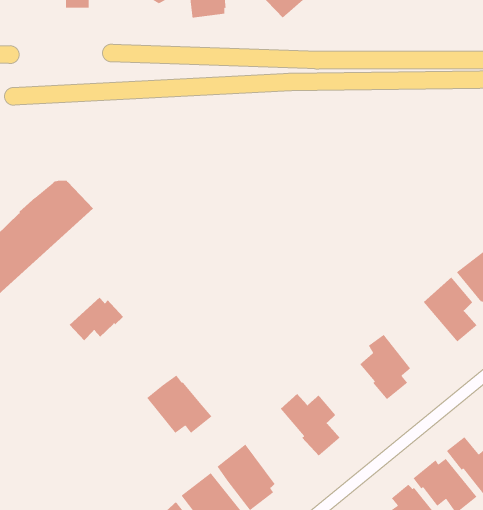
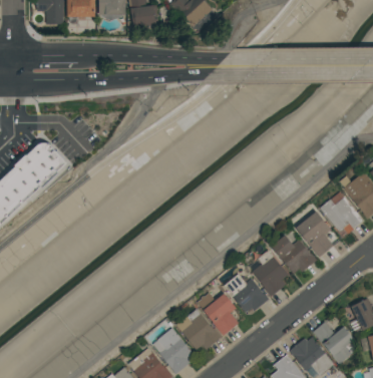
building: [69,297,124,341] -> none
building: none -> [271,236,317,274]
building: none -> [224,274,269,313]
building: [146,375,213,434] -> [175,309,222,350]

